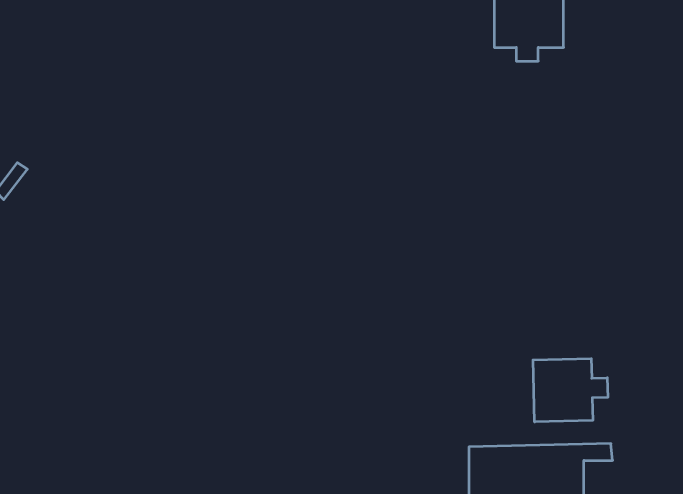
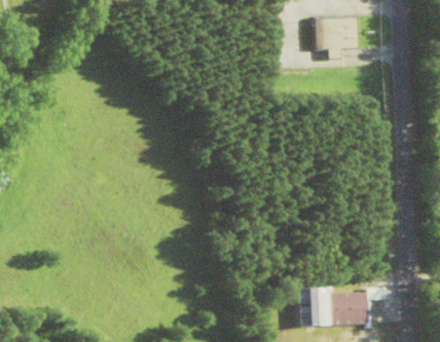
building: [533,359,608,422] -> none

